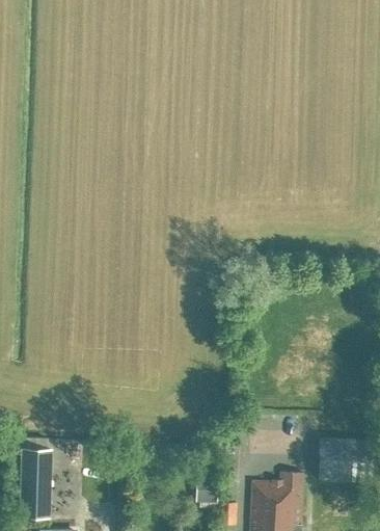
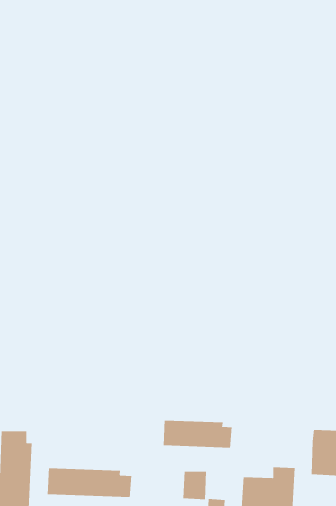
building: none -> [163,420,232,449]
building: none -> [47,468,132,498]

